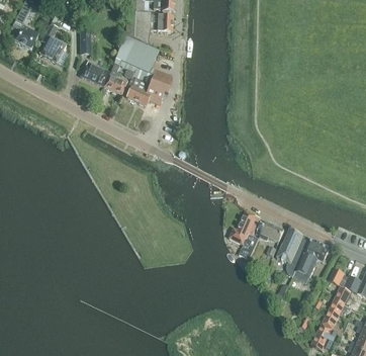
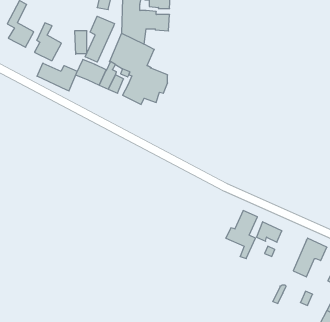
building: none -> [85,16,115,62]
building: none -> [37,63,77,91]
building: [277,230,308,276] -> none

